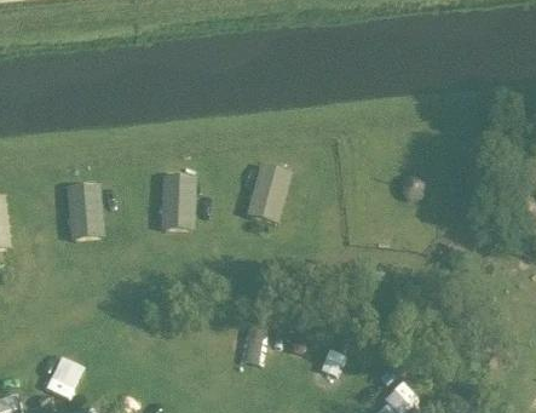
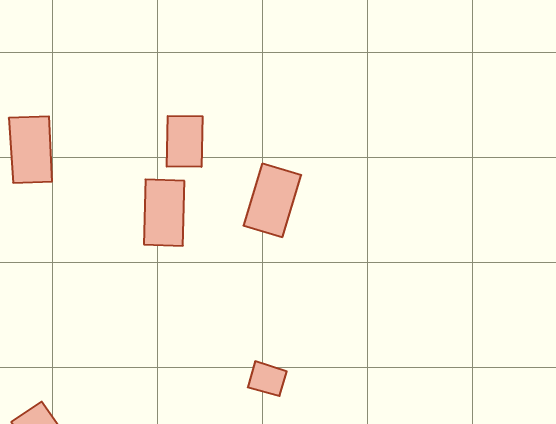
building: none -> [167,116,203,167]
building: [64,182,100,237] -> [9,116,52,183]

